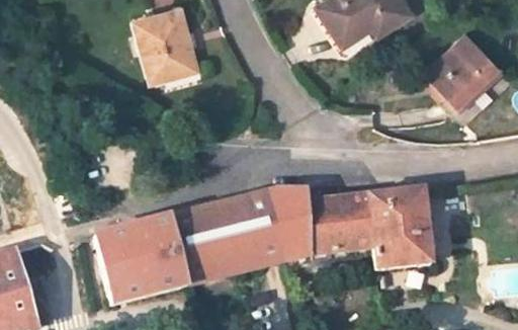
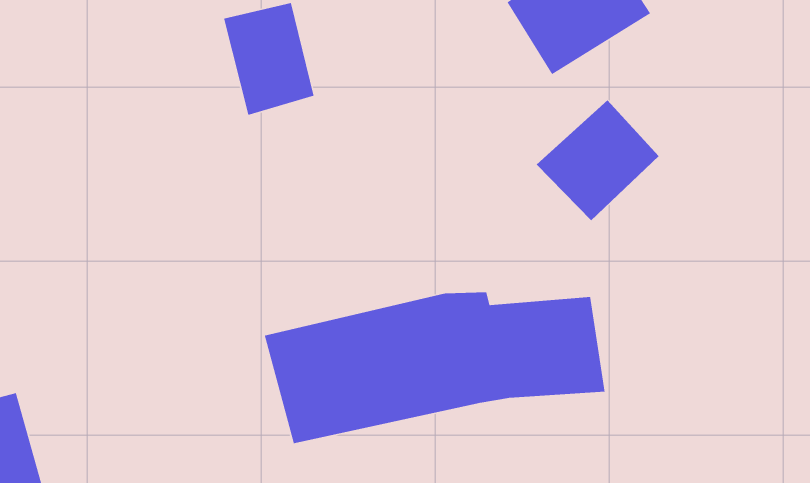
building: [423,33,500,109] -> [536,99,660,221]
building: [370,185,436,271] -> none
building: [91,217,185,301] -> none

